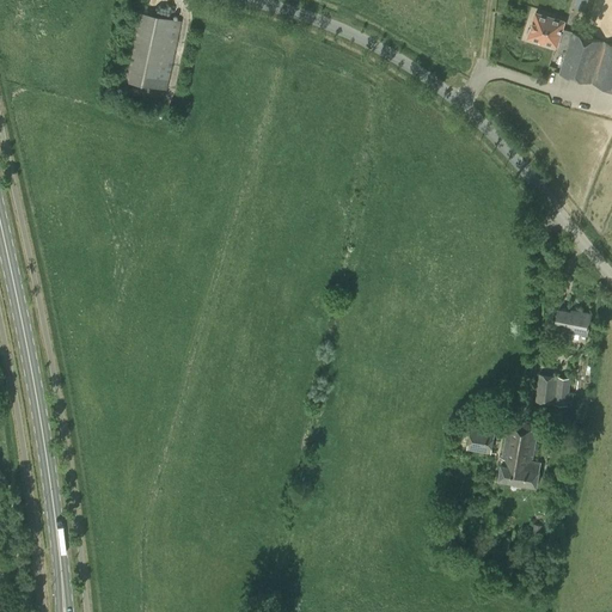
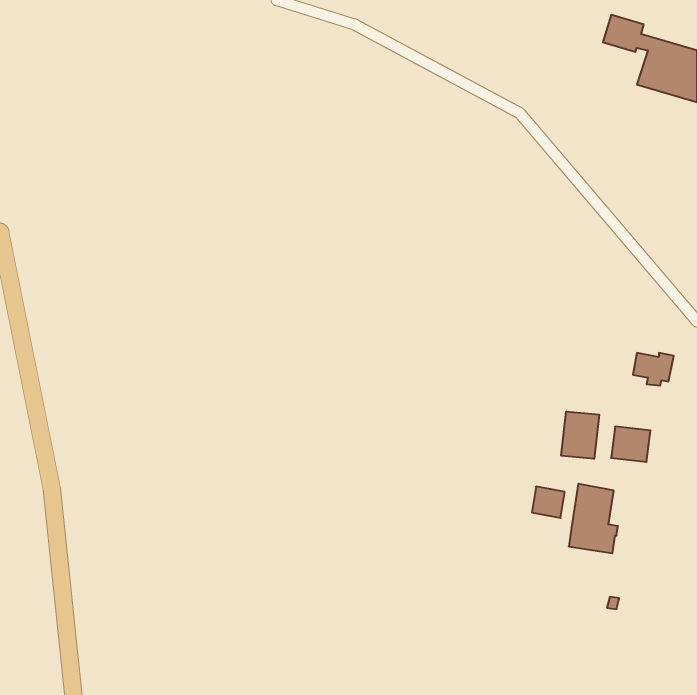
building: [115,11,180,91] -> none
building: none -> [561,411,599,459]

